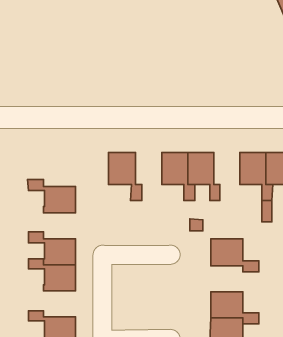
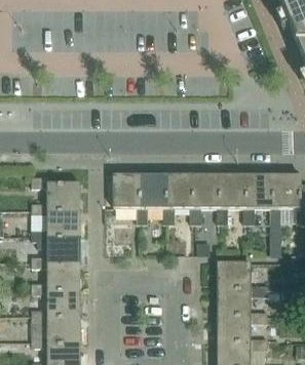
building: none -> [142,173,176,222]
building: none -> [222,173,255,222]
building: none -> [32,175,80,208]
building: none -> [32,229,80,261]
building: none -> [219,289,268,322]
building: none -> [32,309,80,341]

